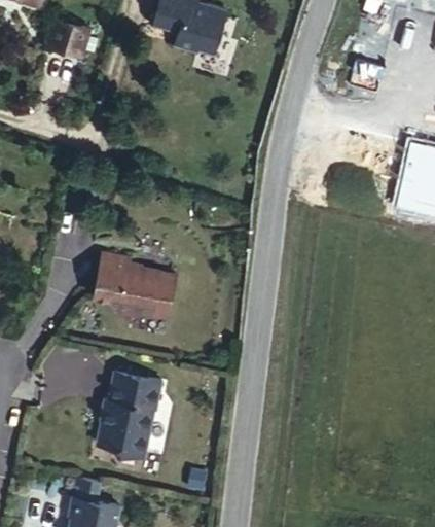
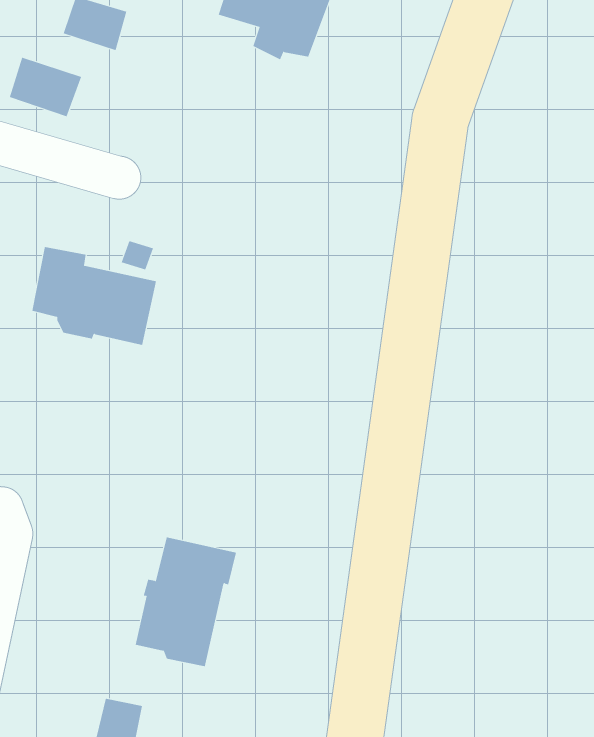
building: none -> [9,57,82,117]
building: [96,254,178,319] -> [32,247,157,345]

